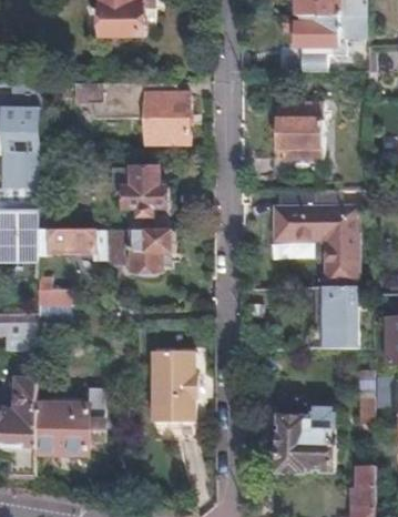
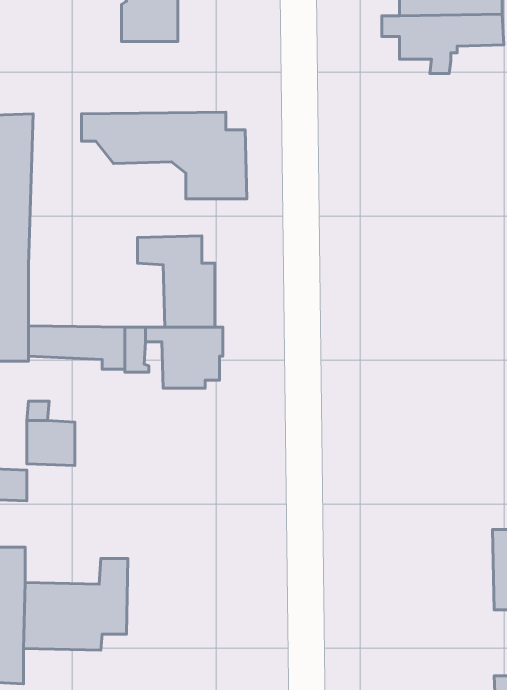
building: [268,104,320,171] -> none
building: [277,189,357,280] -> none
building: [309,286,357,349] -> none
building: [150,351,195,423] -> none
building: [279,415,330,472] -> none

